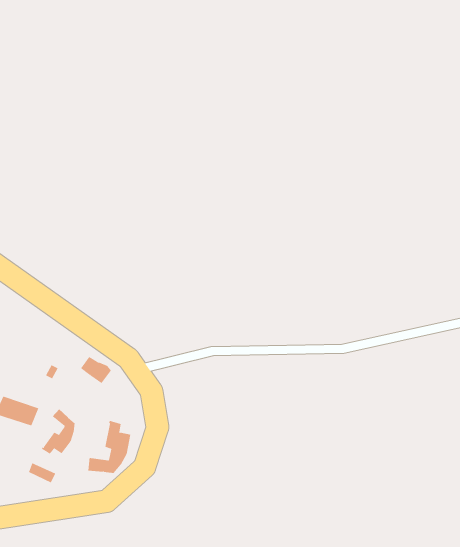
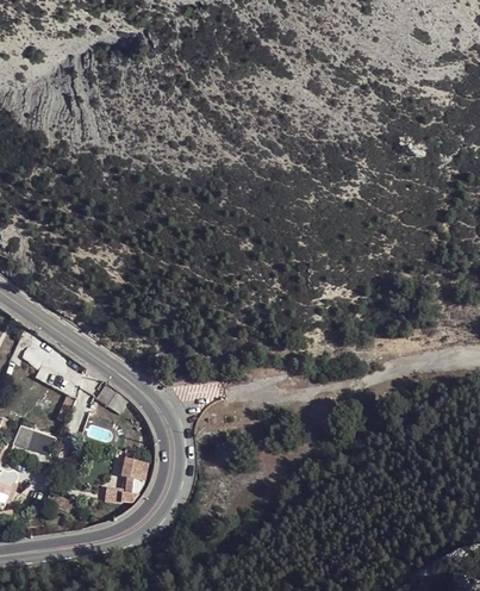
building: [41,408,75,454] -> none

